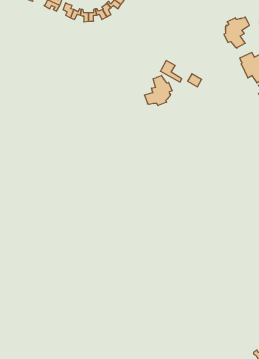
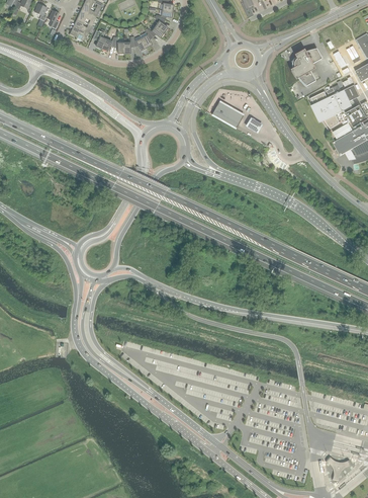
building: [144,75,172,106] -> none

